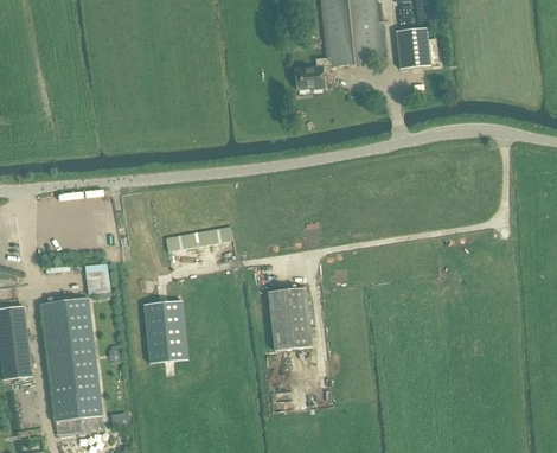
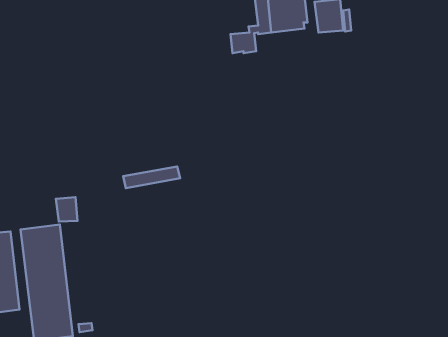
building: [268,286,312,349] -> none
building: [143,299,187,362] -> none

